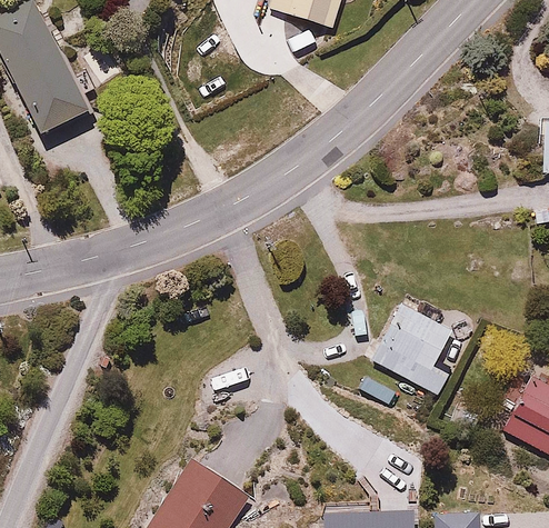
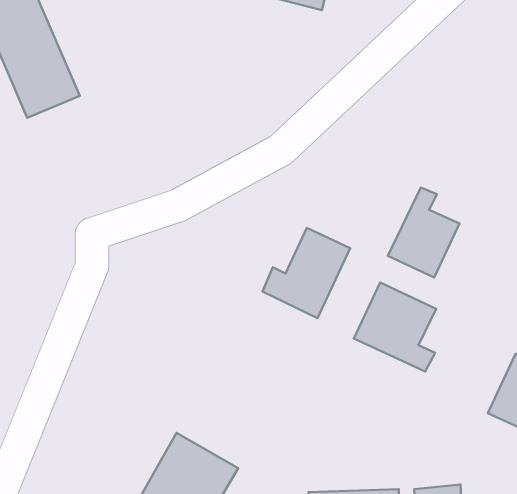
building: none -> [388,188,460,278]
building: none -> [262,228,350,318]

